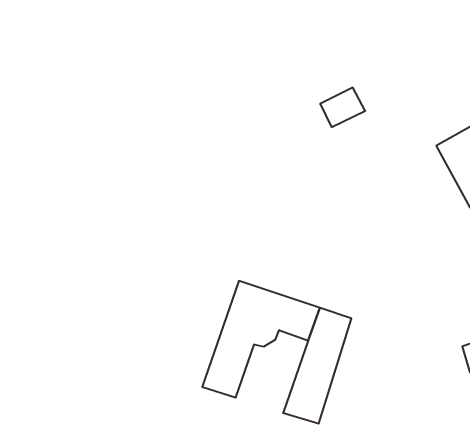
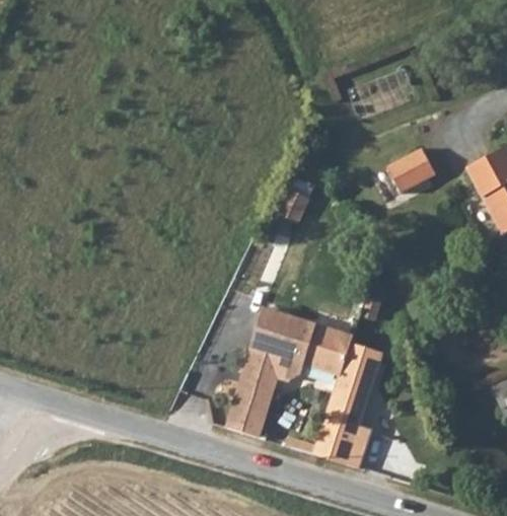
building: [320,88,365,127] -> [390,148,438,190]

